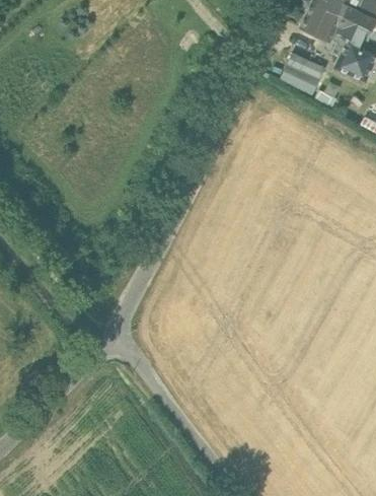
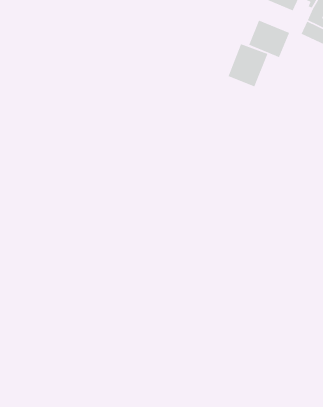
building: none -> [228,43,268,88]

